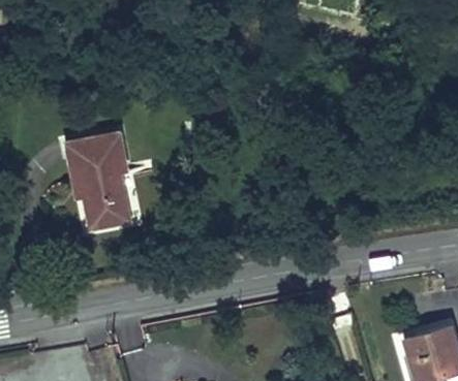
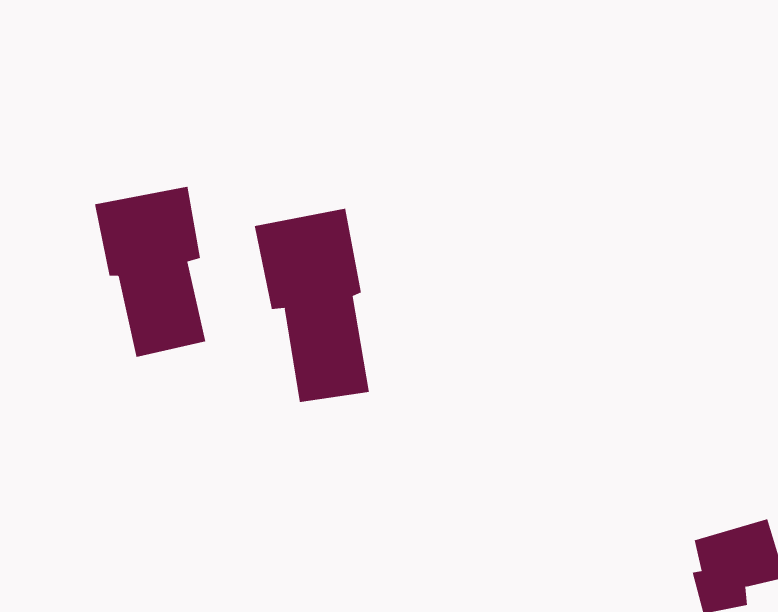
building: none -> [254,208,369,403]

